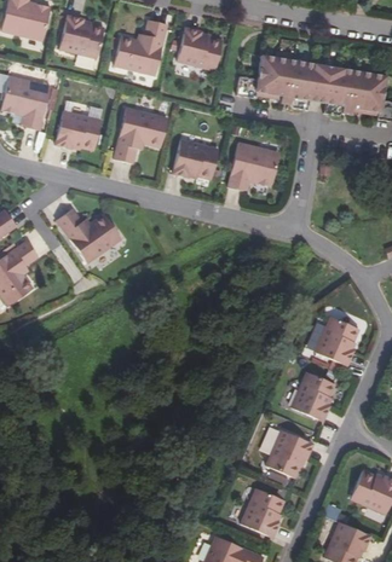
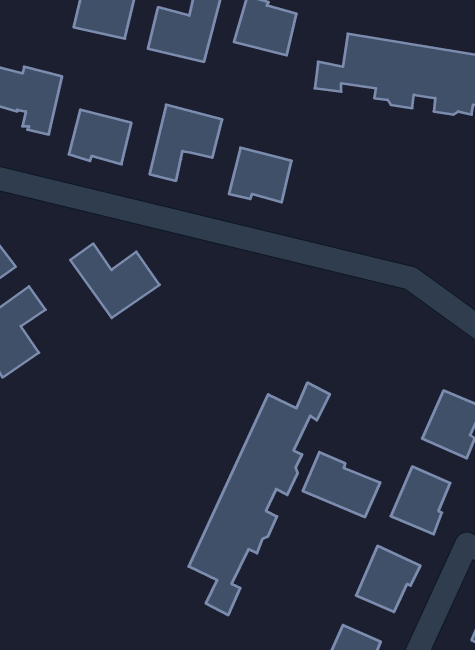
building: [227,140,278,189] -> none
building: none -> [189,383,330,615]
building: none -> [303,452,380,517]

